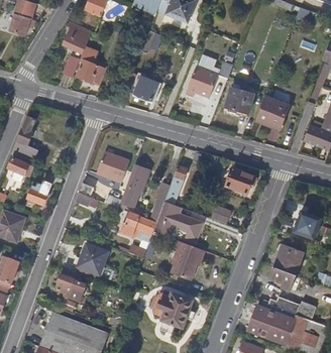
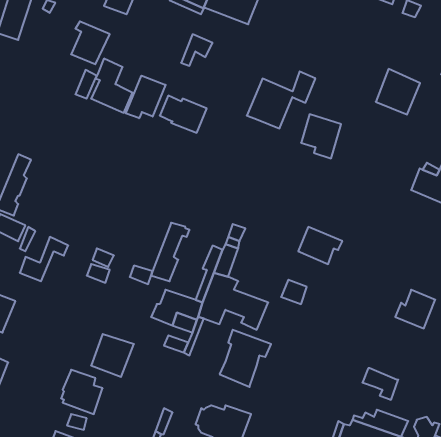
building: none -> [126,76,166,118]
building: [255,99,287,131] -> [376,69,420,115]
building: [97,150,130,182] -> none
building: [274,246,302,275] -> none

